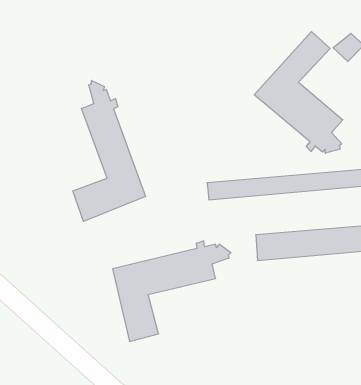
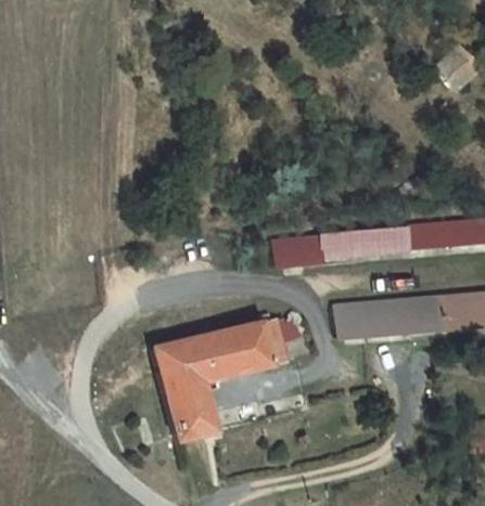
building: [254,32,343,153] -> none
building: [73,80,146,221] -> none

